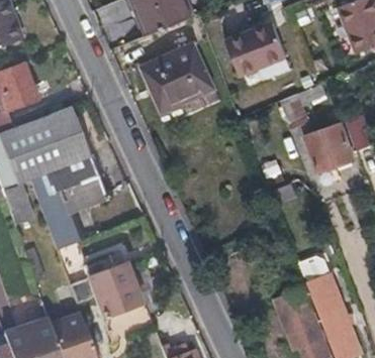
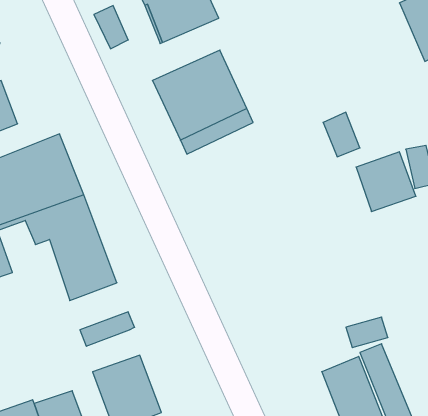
building: [227,21,285,73] -> none
building: [31,176,78,247] -> none
building: [70,263,133,303] -> none

